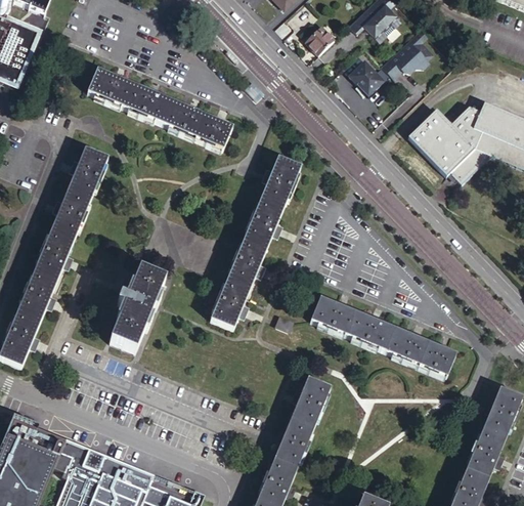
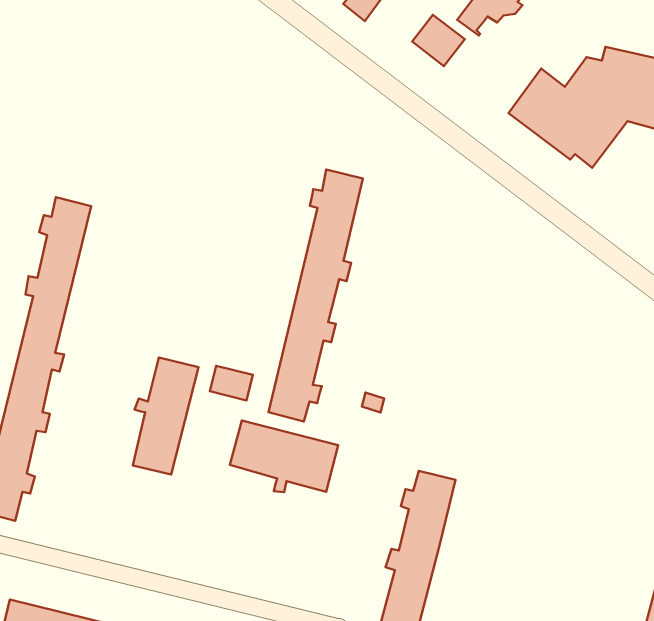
building: [88,70,234,150] -> none
building: none -> [210,366,253,400]
building: [310,295,456,375] -> none
building: none -> [230,420,338,492]

